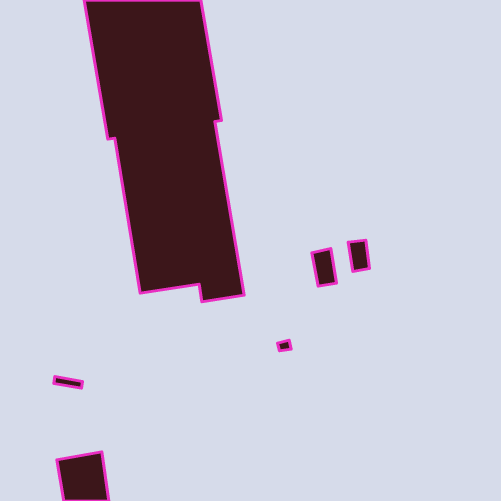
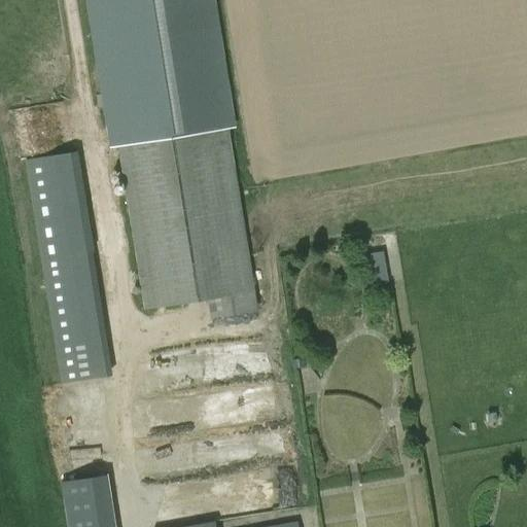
building: none -> [25,151,113,384]
building: [312,249,337,286] -> none

